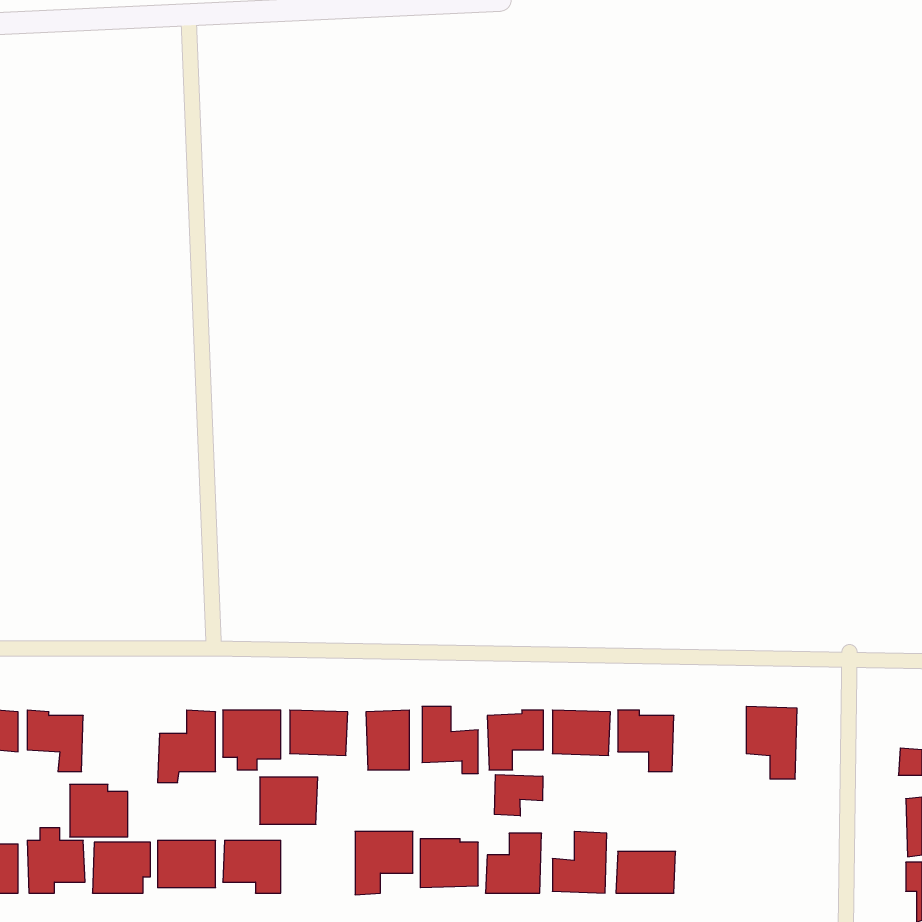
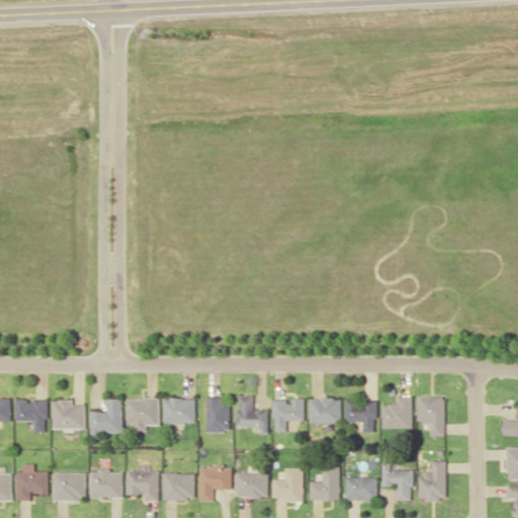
building: none -> [381,398,413,429]
building: [494,775,543,816] -> none
building: [260,777,318,824] -> [162,473,194,500]
building: [70,784,128,837] -> [52,401,84,430]
building: none -> [418,461,446,500]
building: none -> [381,463,412,501]

